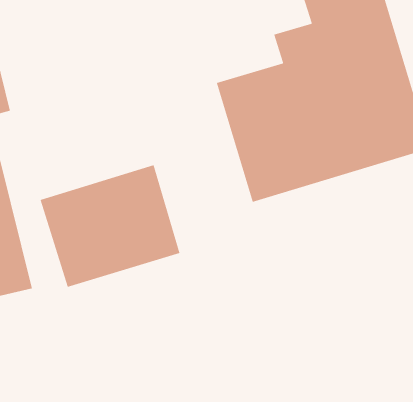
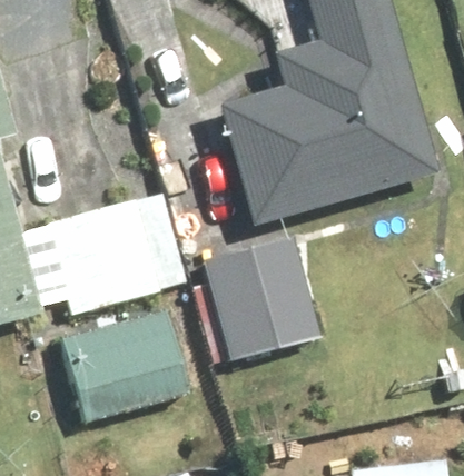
building: none -> [198,229,318,364]
building: none -> [53,305,188,424]

